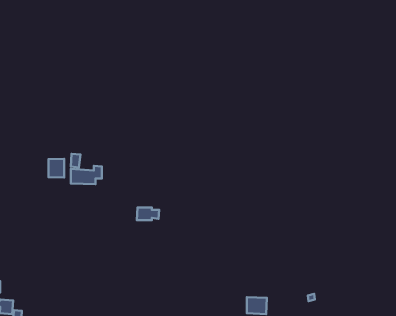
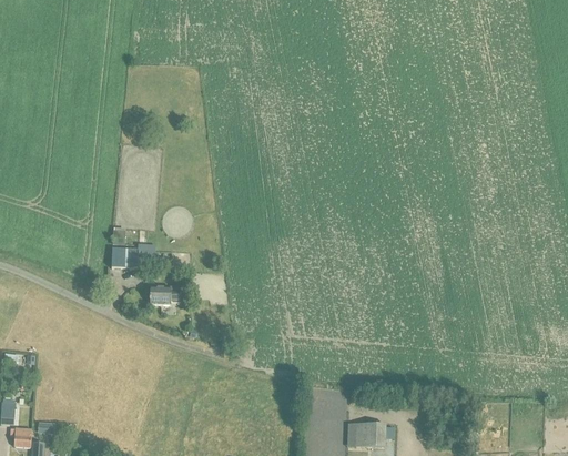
building: [48,159,64,178] -> none
building: [137,207,159,220] -> [150,285,181,303]

